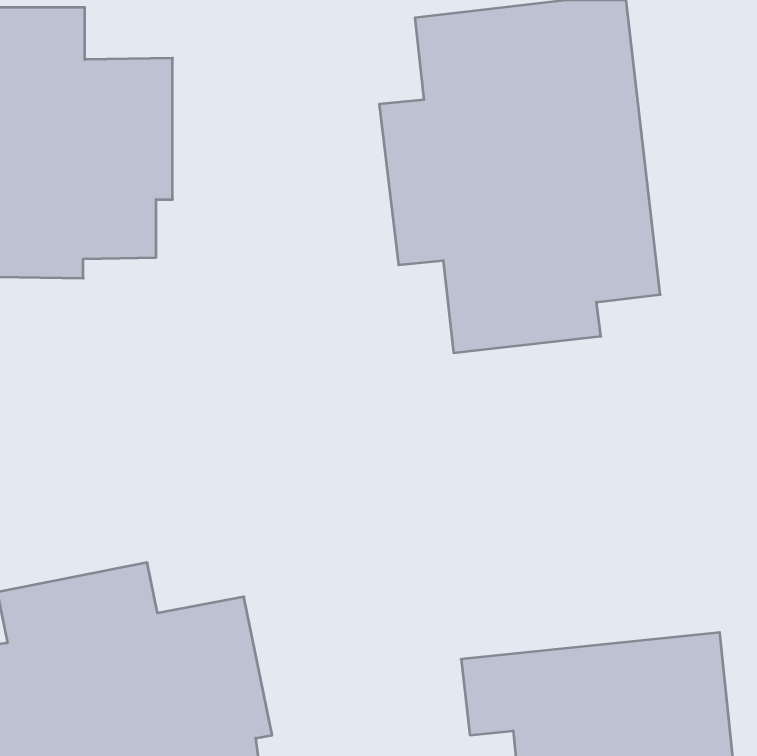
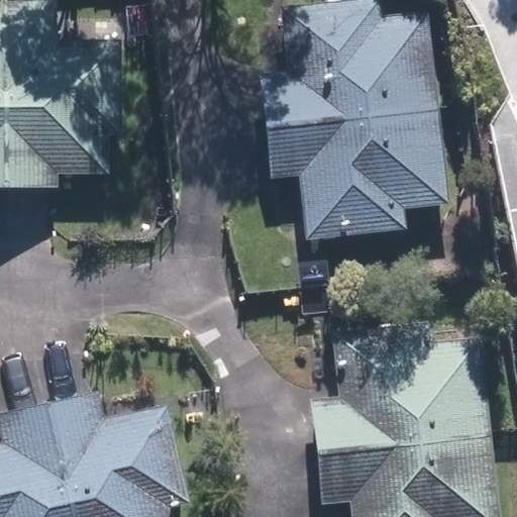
building: none -> [308,322,489,450]

